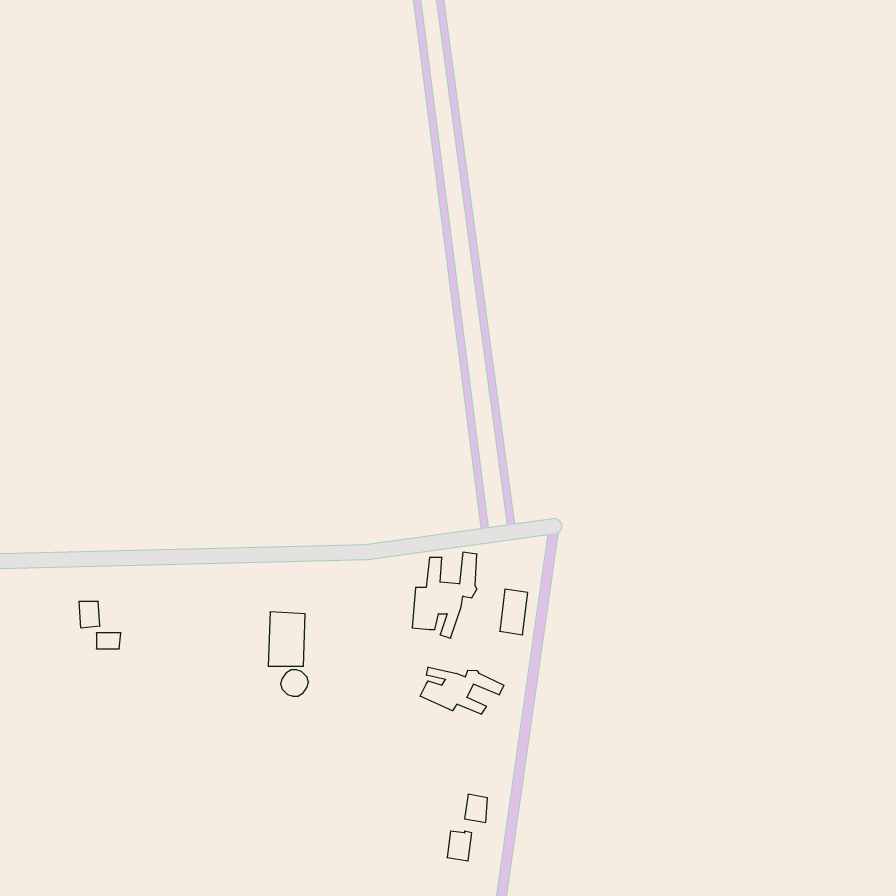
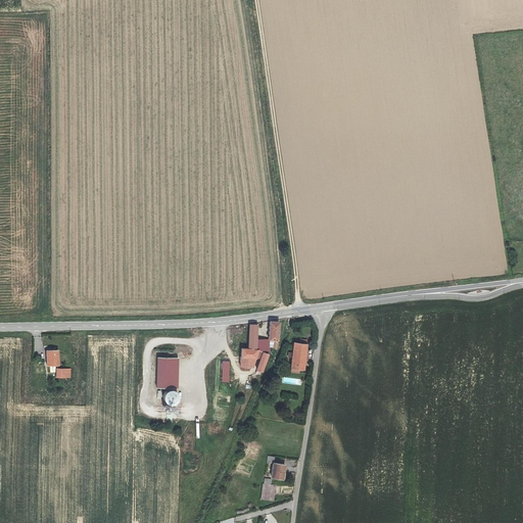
building: [420,667,504,714] -> none

